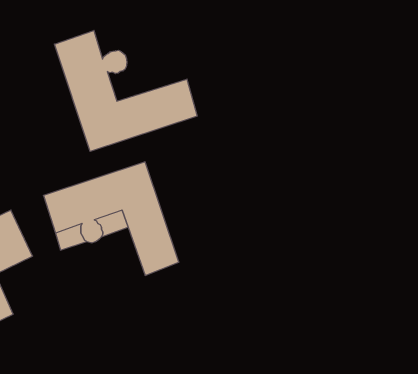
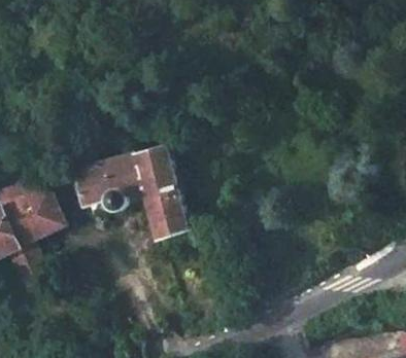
building: [54,30,197,151] -> none

